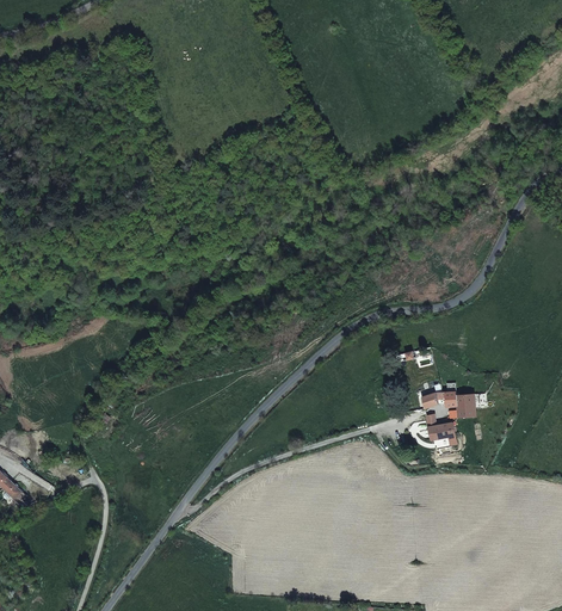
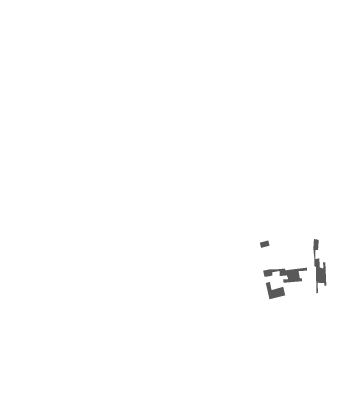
building: none -> [313,238,327,294]

